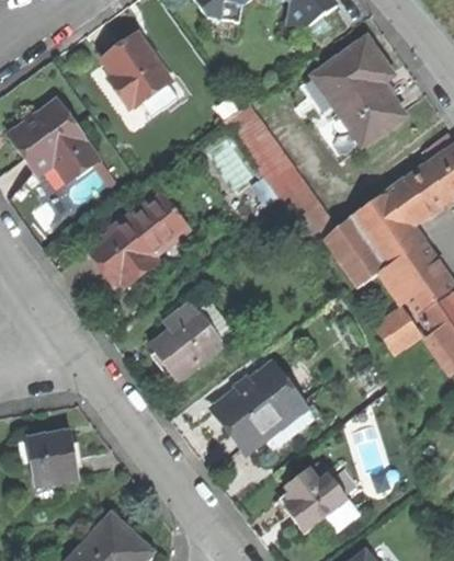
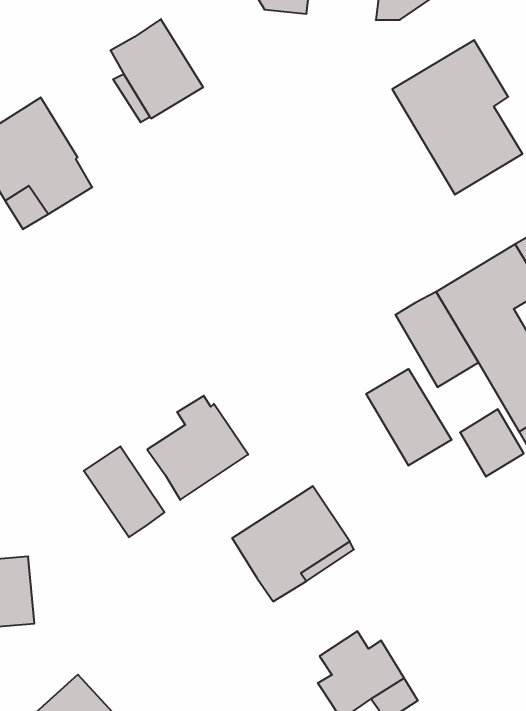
building: [224,100,338,245] -> none
building: [87,192,190,285] -> none
building: none -> [366,369,452,466]
building: none -> [84,446,164,537]

